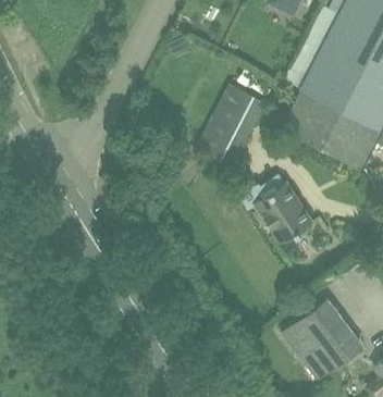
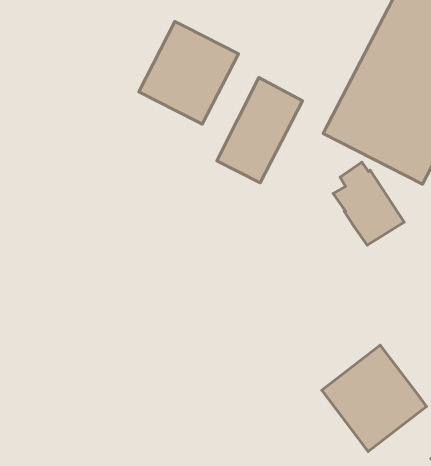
building: none -> [139,21,238,124]
building: [255,176,311,243] -> [333,162,404,245]

